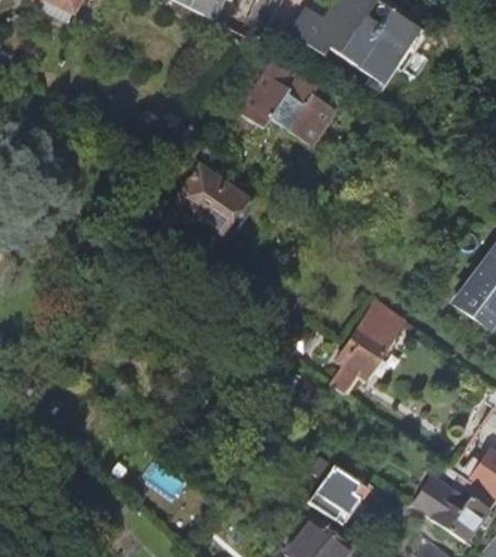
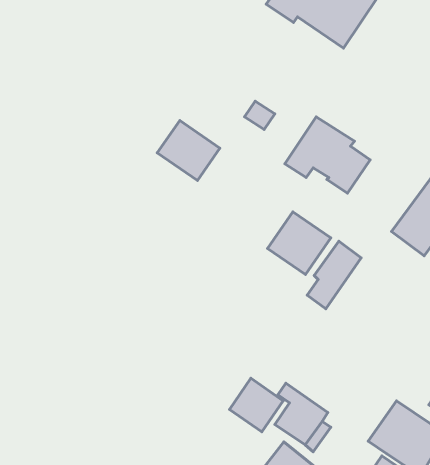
building: [244,62,338,147] -> [285,117,370,193]
building: none -> [267,212,331,274]
building: none -> [230,378,283,432]

